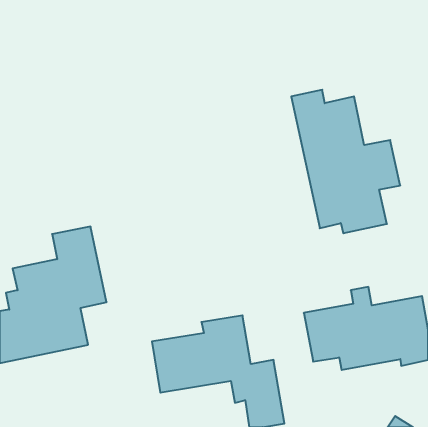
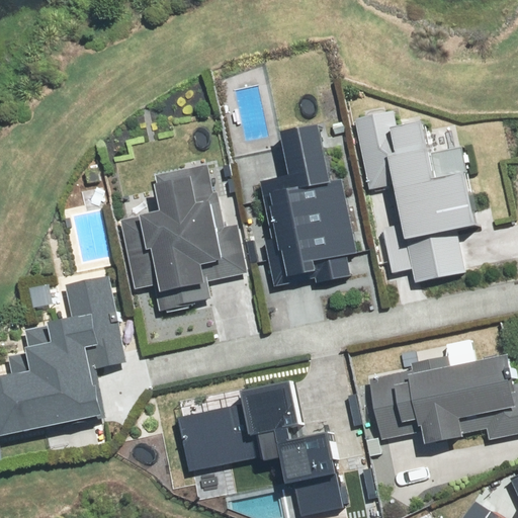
building: none -> [262,122,355,284]
building: none -> [130,164,251,313]

